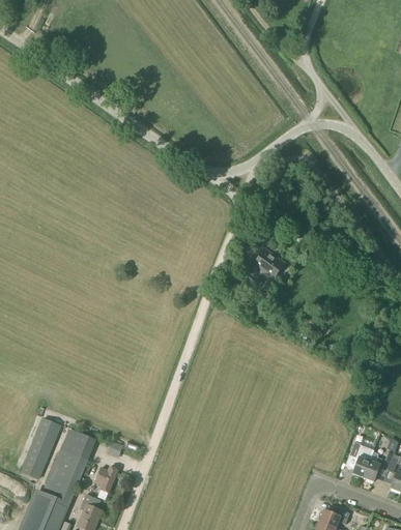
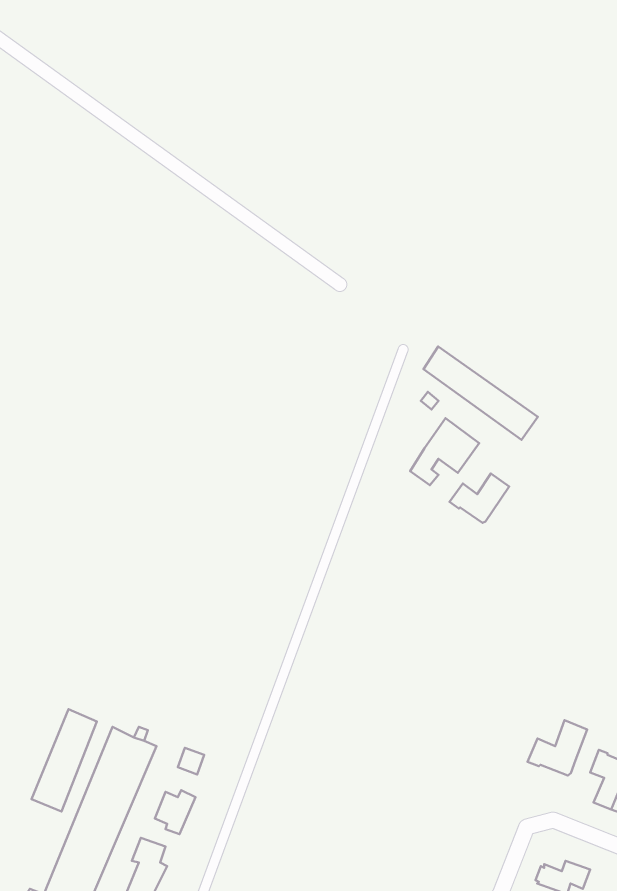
building: none -> [423,347,538,440]
building: none -> [450,473,509,523]
building: none -> [528,720,587,776]

